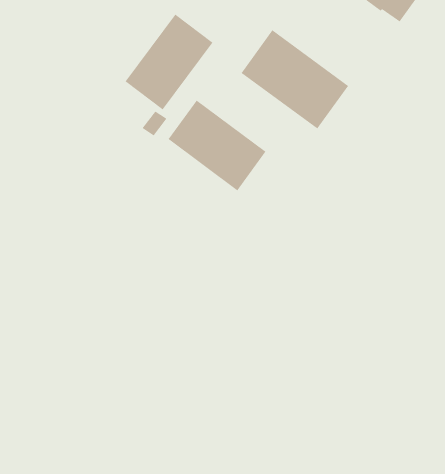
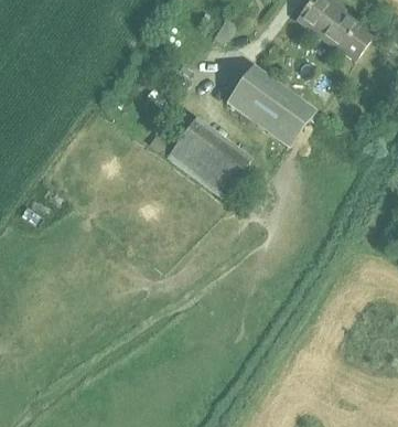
building: [125,14,213,110] -> none

